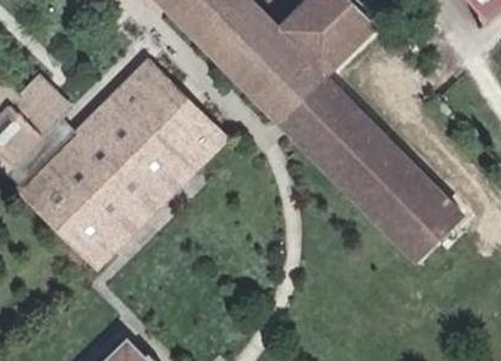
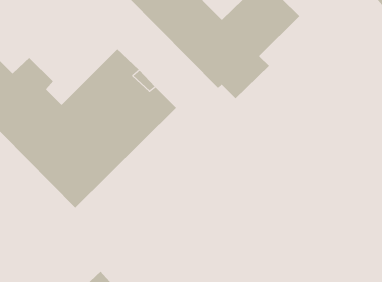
building: [292,87,463,260] -> none

